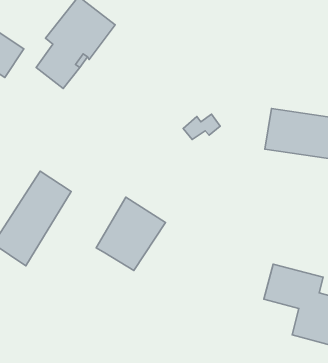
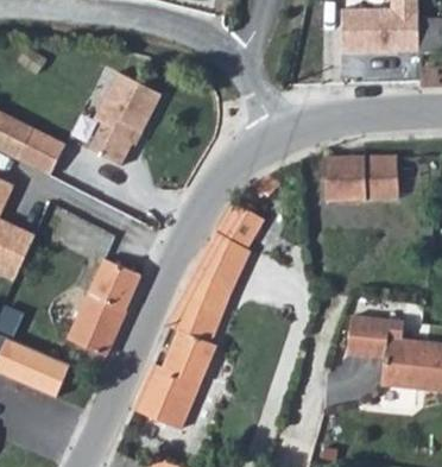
building: none -> [192,202,263,291]
building: none -> [135,332,216,430]

